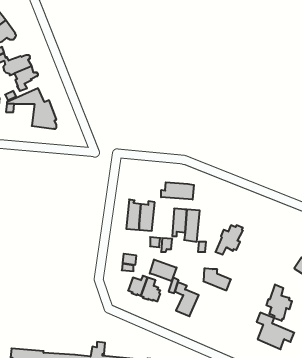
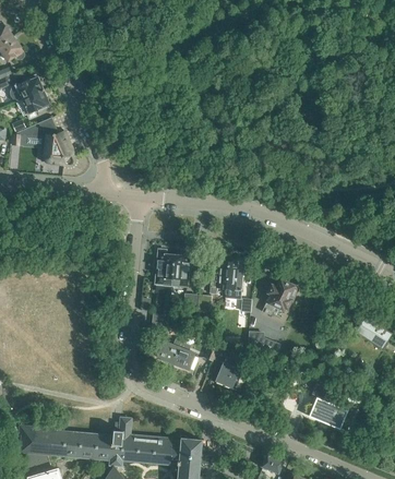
building: [161,182,194,200] -> none
building: [150,259,177,281] -> none
building: [266,284,292,321] -> none

